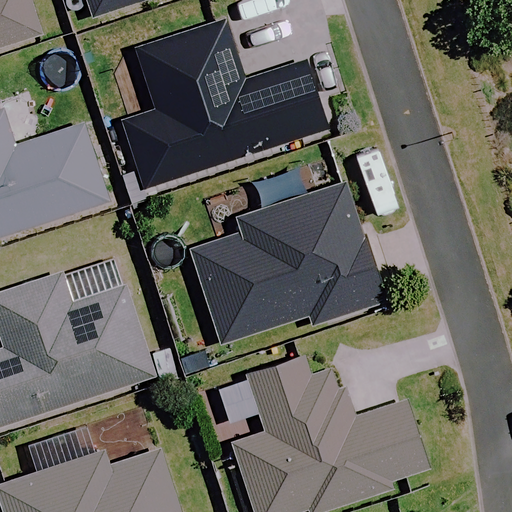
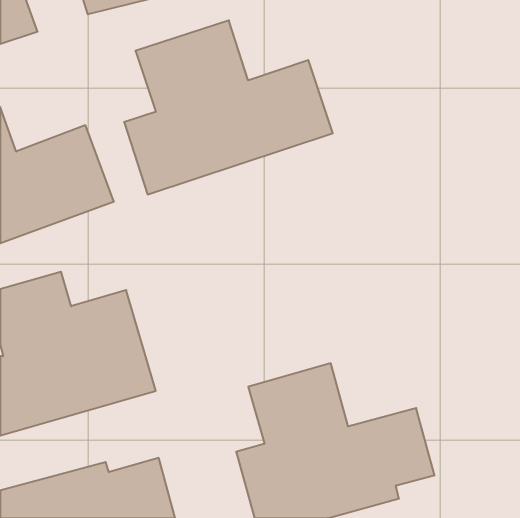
building: [189,182,380,344] -> none

